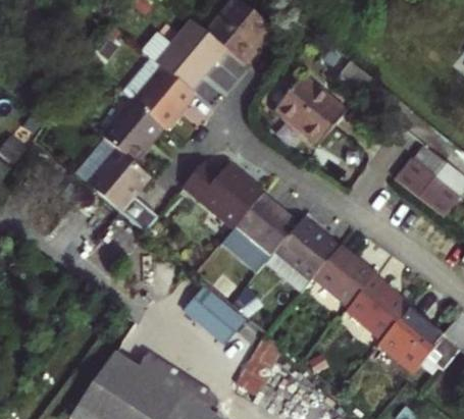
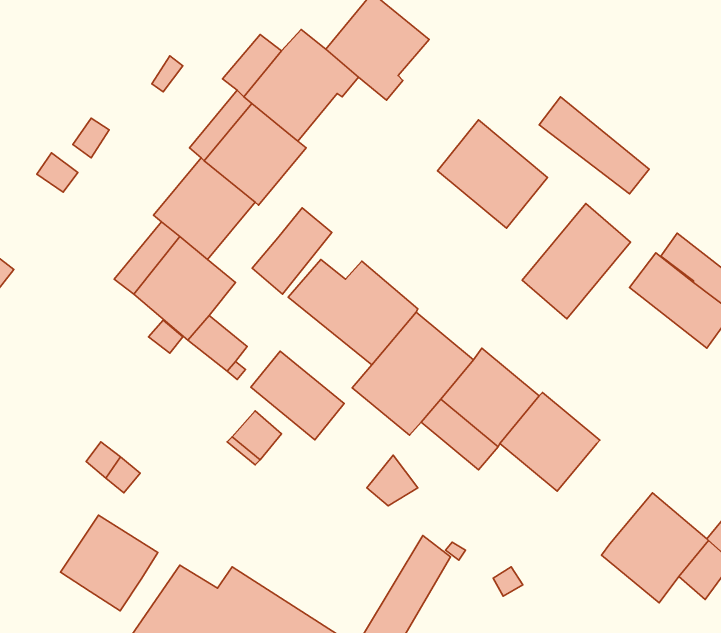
building: none -> [522,204,630,319]
building: none -> [252,208,332,294]
building: [349,276,411,338] -> none
building: [186,287,244,343] -> [251,351,344,440]
building: none -> [60,515,158,611]

